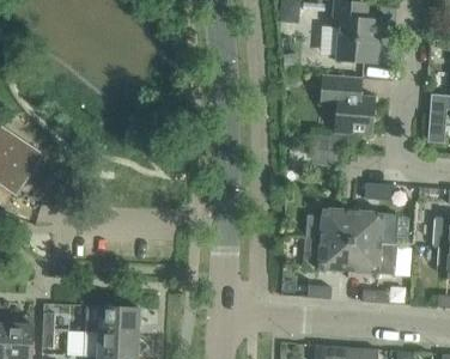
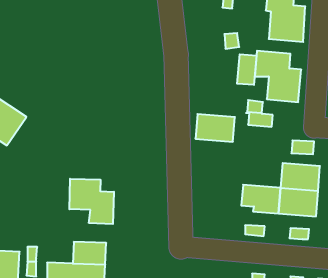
building: none -> [237,54,257,85]
building: [305,207,353,241] -> [195,114,235,142]
building: none -> [69,179,114,224]

